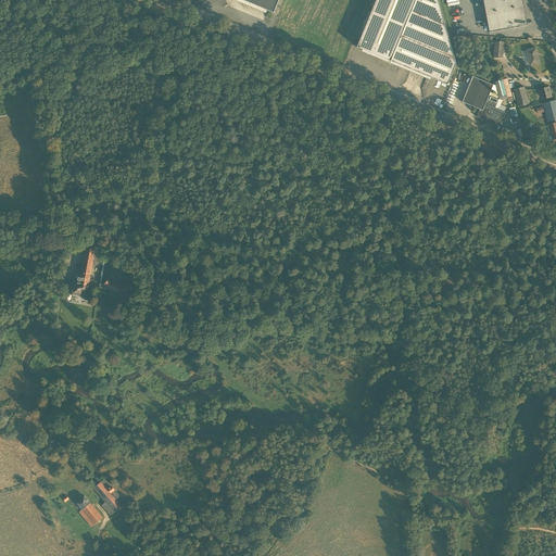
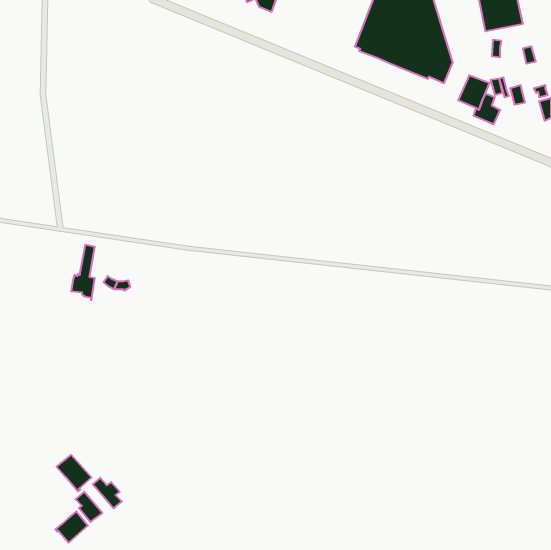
building: none -> [57,455,92,491]
building: none -> [55,511,88,543]

